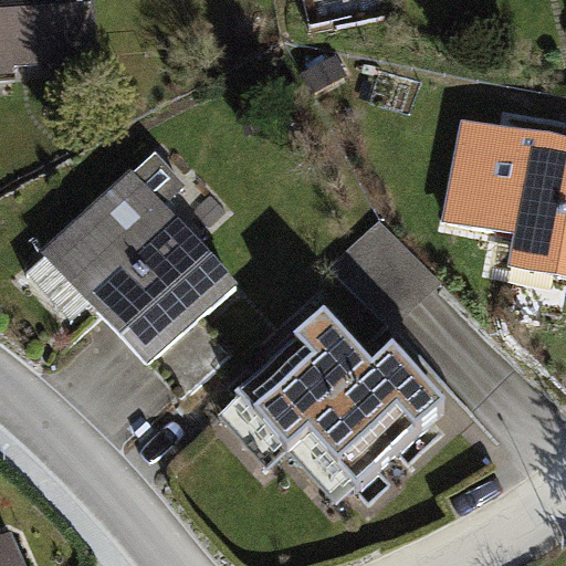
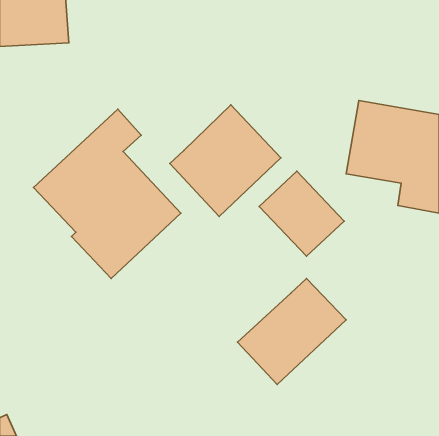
building: none -> [170,105,281,216]
building: [234,323,374,459] -> none

